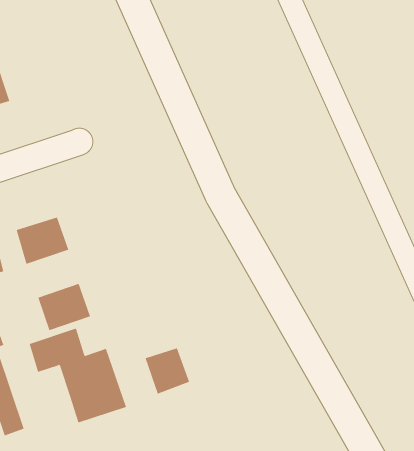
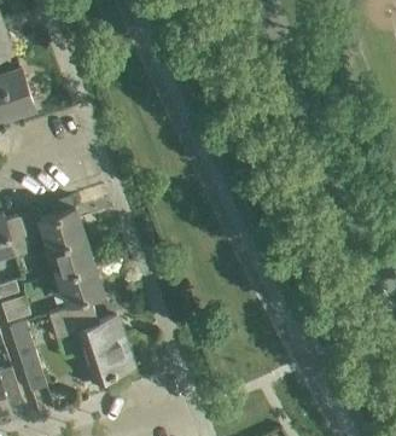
building: none -> [47,236,92,275]
building: [145,347,190,394] -> none

